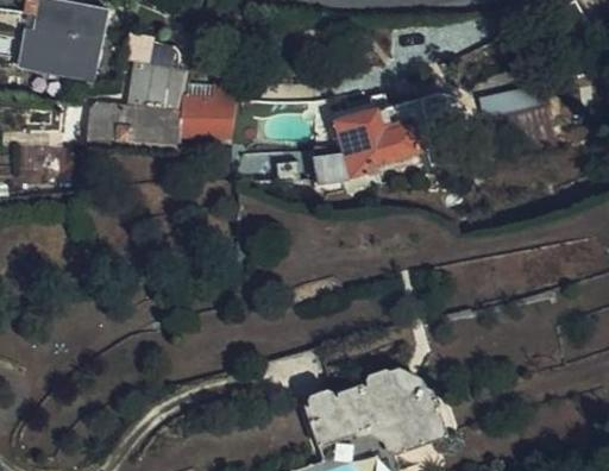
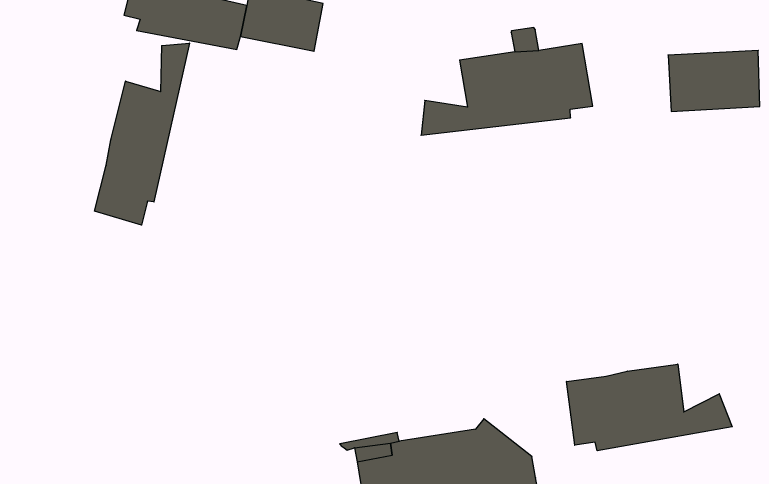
building: none -> [95,43,189,225]
building: none -> [567,364,732,451]

